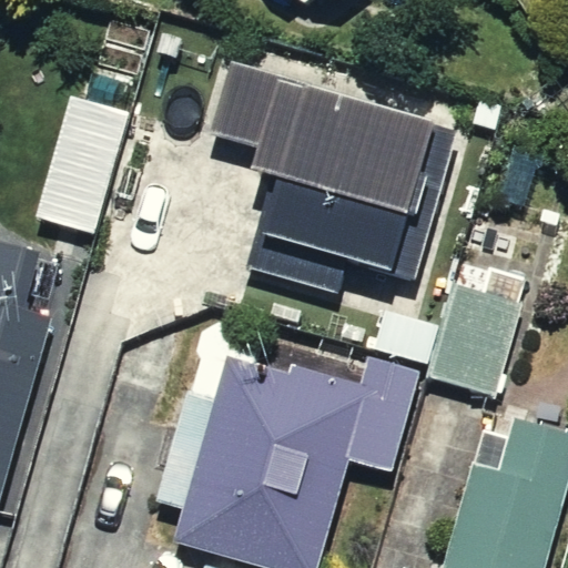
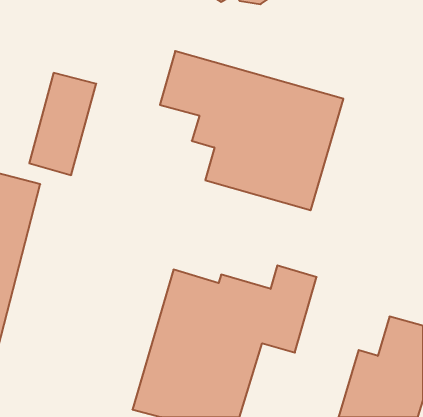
building: [428,282,524,394] -> none

